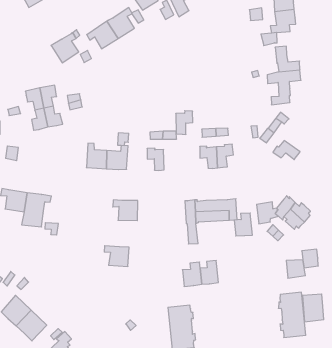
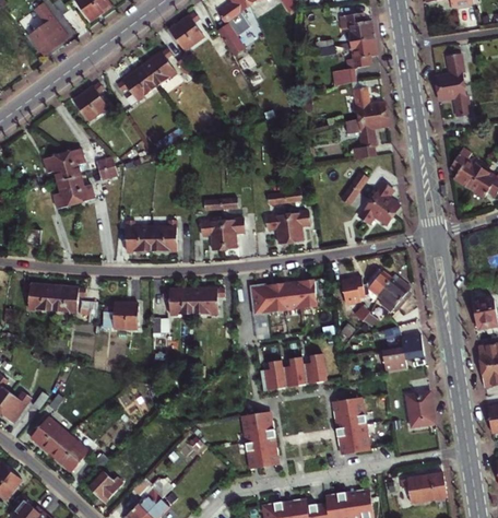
building: [176,111,193,134] -> [222,219,244,248]
building: none -> [371,183,400,215]
building: none -> [193,289,224,314]
building: [234,213,252,236] -> [297,355,321,385]
building: [104,246,129,266] -> [107,304,138,328]
building: [278,292,306,337] -> [332,397,368,455]

